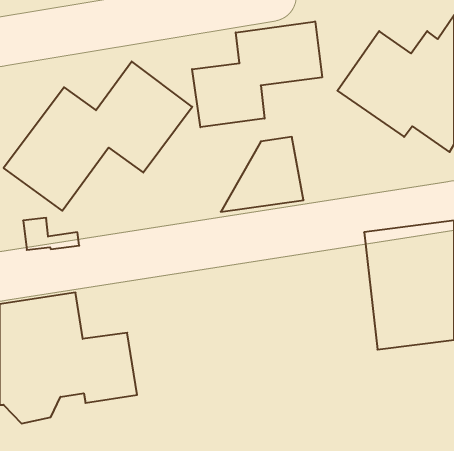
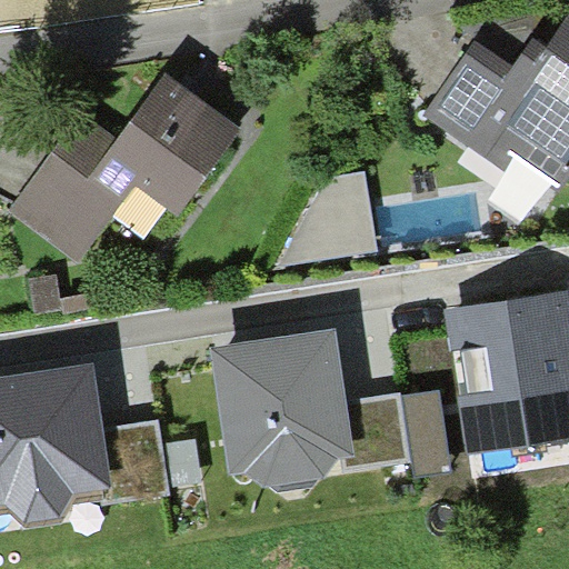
building: [192,21,322,127] -> none
building: none -> [210,333,412,490]

